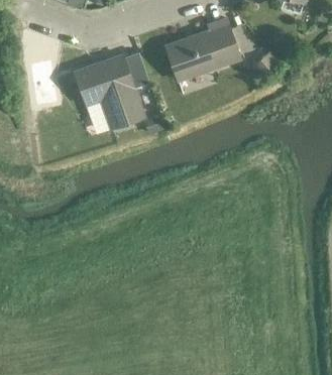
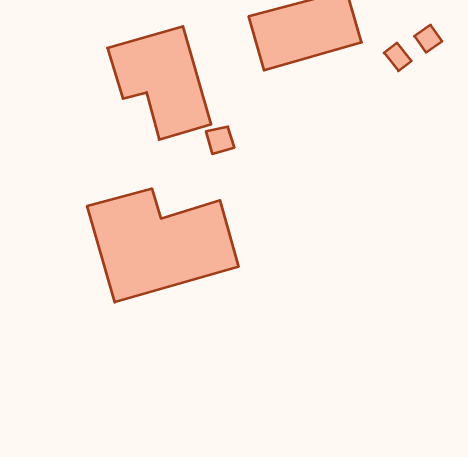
building: none -> [87,189,238,302]

